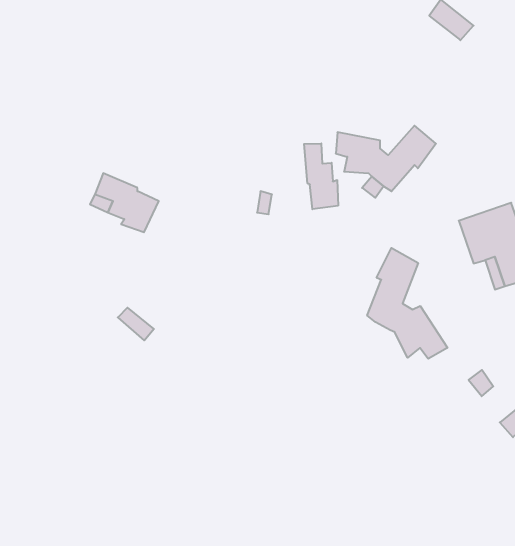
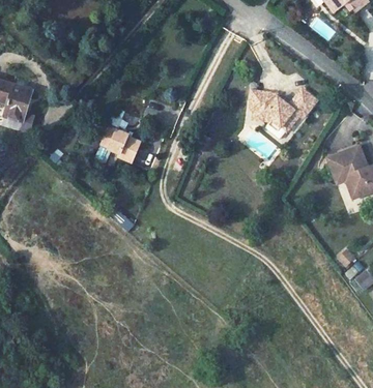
building: [304,143,338,209] -> none
building: [367,248,447,359] -> none

